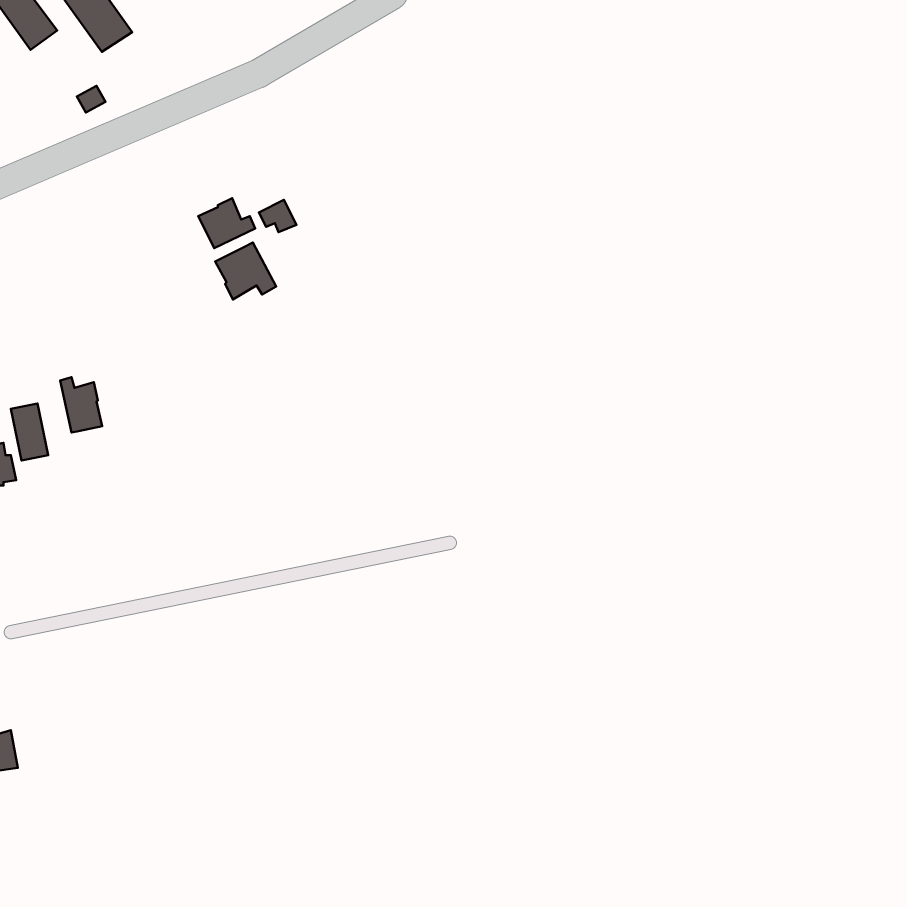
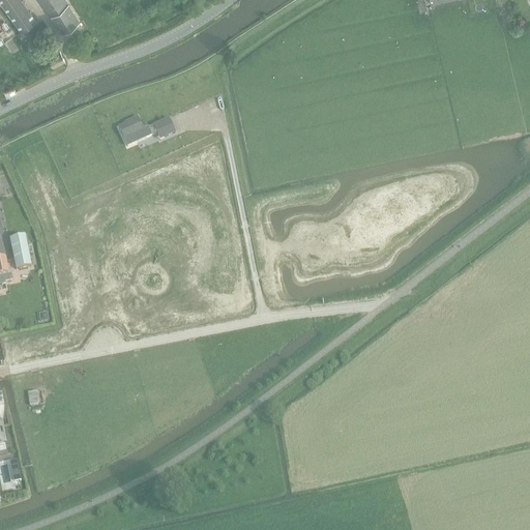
building: [215,243,276,299] -> none
building: [60,377,102,432] -> none

